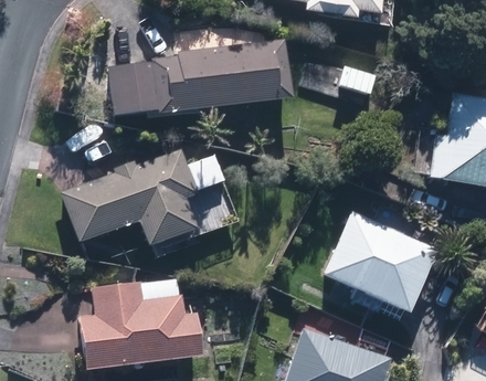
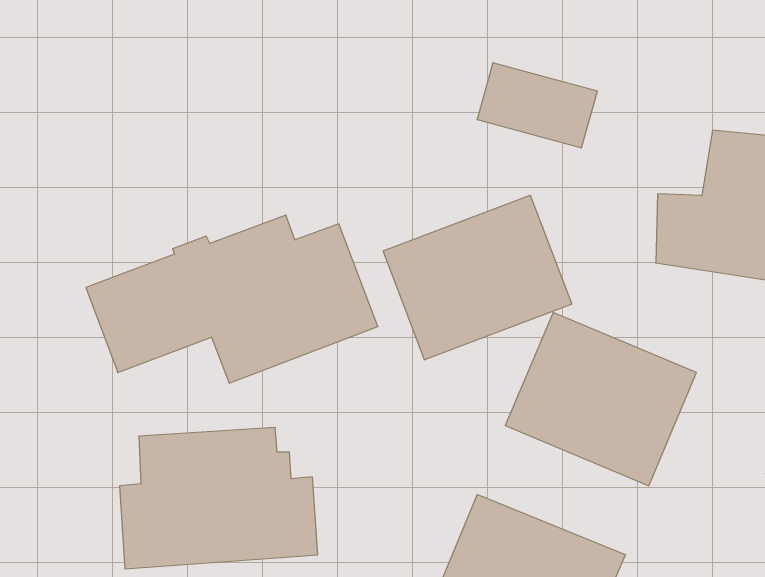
building: [106,40,295,120] -> none
building: none -> [383,195,572,360]

